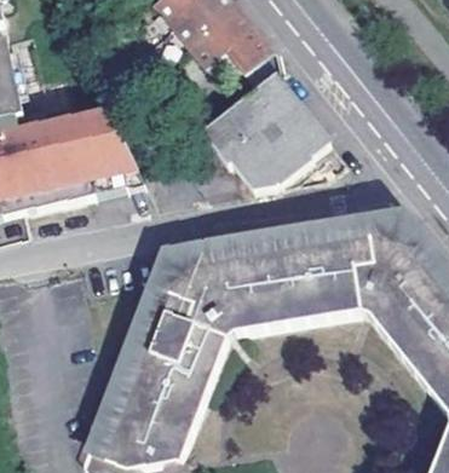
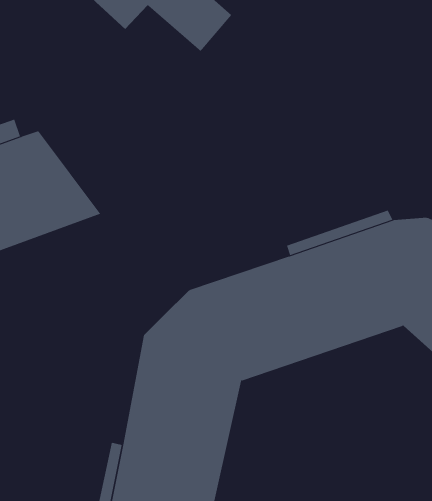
building: [194,69,321,188] -> none

